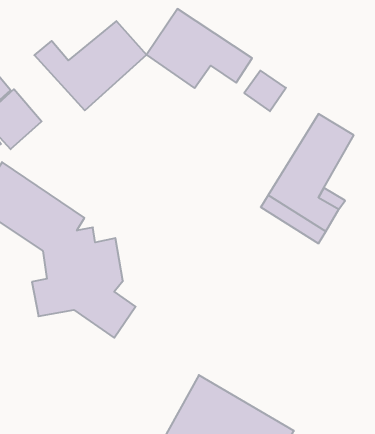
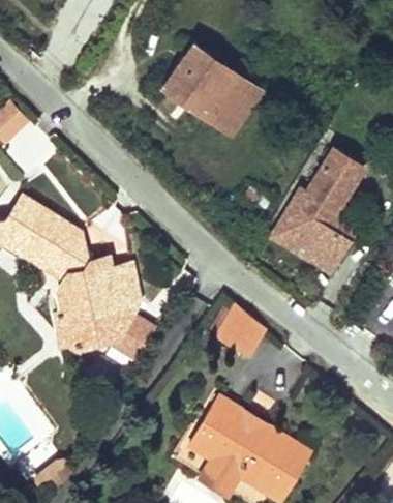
building: [34,21,146,110] -> none
building: [244,71,286,111] -> [209,99,249,139]
building: none -> [218,315,262,357]

